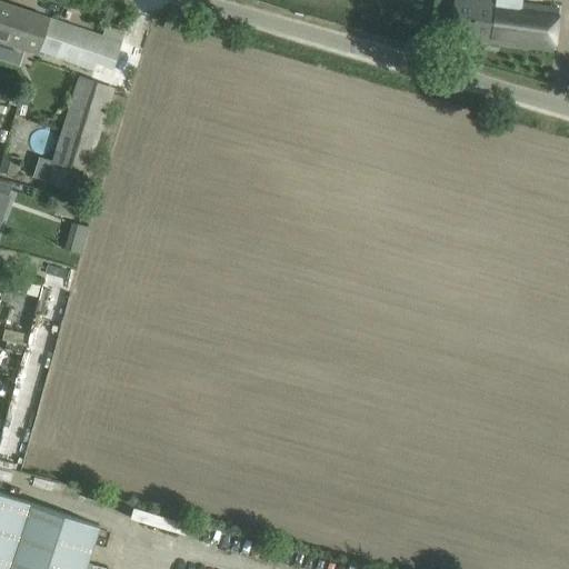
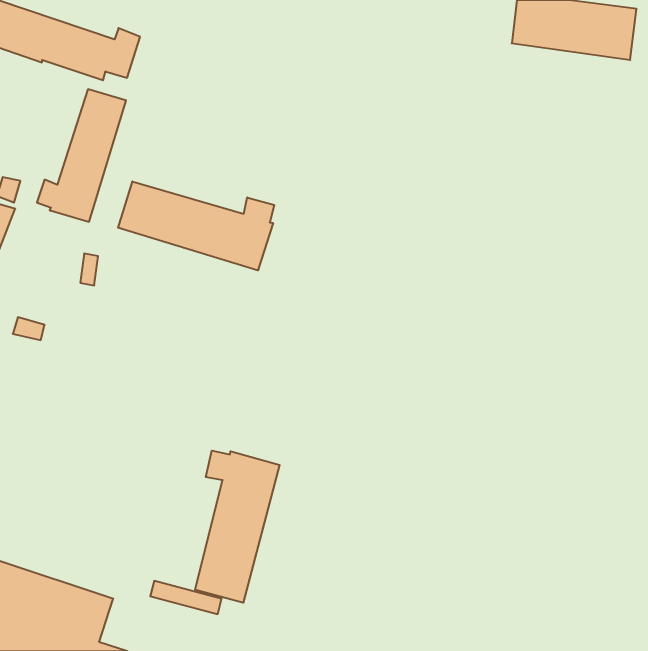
building: none -> [118,181,274,270]
building: none -> [195,451,280,603]

